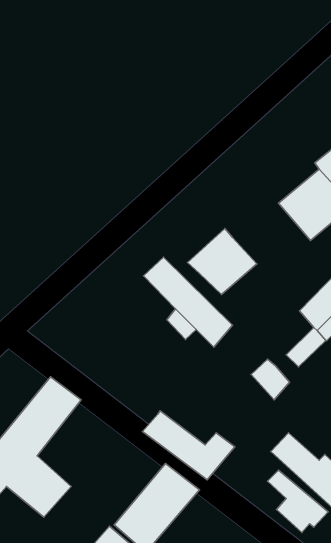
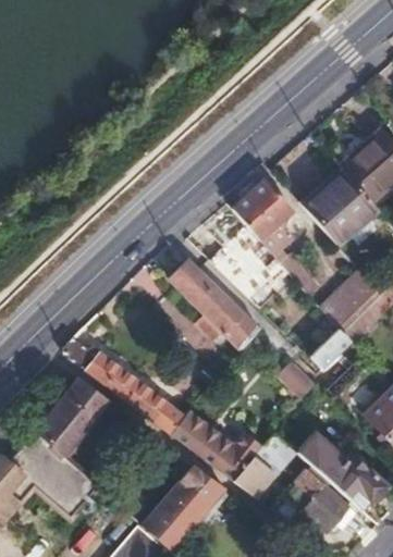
building: none -> [234,180,294,239]
building: none -> [64,336,186,432]
building: none -> [235,431,292,494]

